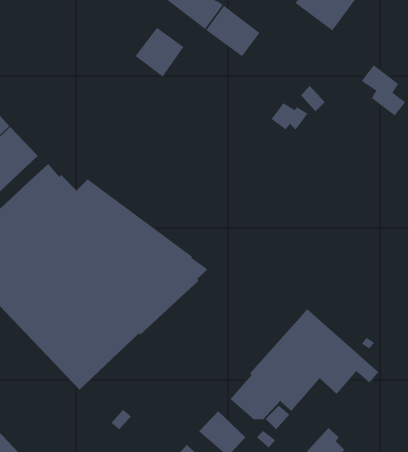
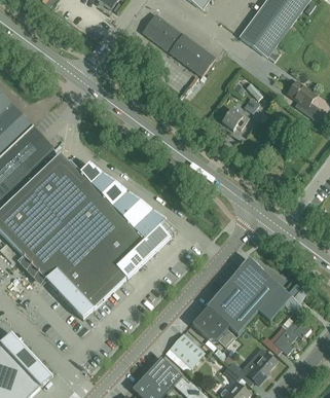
building: [134,27,185,77] -> none
building: none -> [273,316,310,354]

